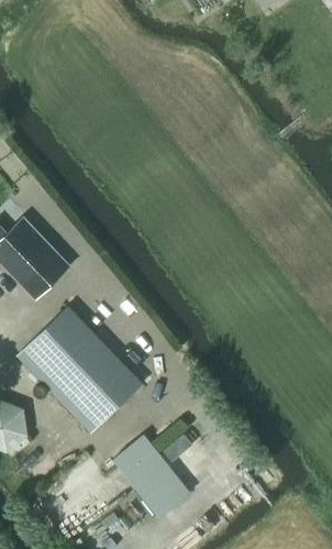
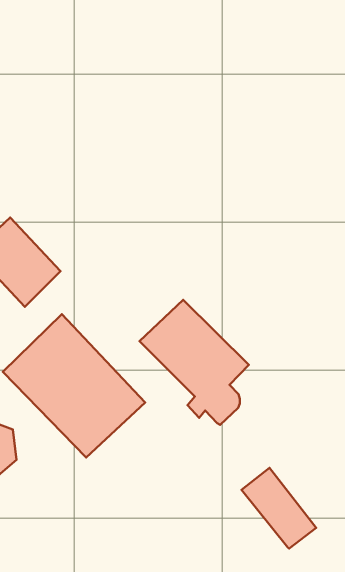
building: none -> [140,300,249,425]
building: [117,440,184,513] -> [241,468,316,549]

